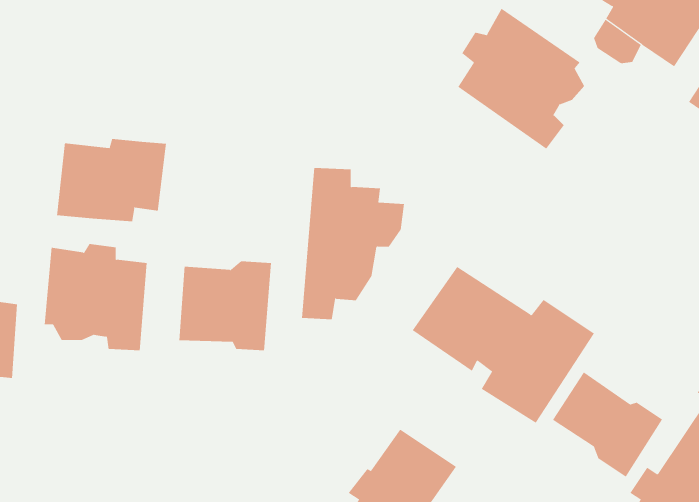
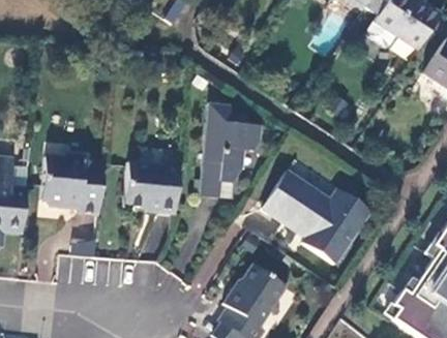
building: [457,8,585,149] -> none
building: [57,138,167,222] -> none
building: [552,372,663,477] -> none

